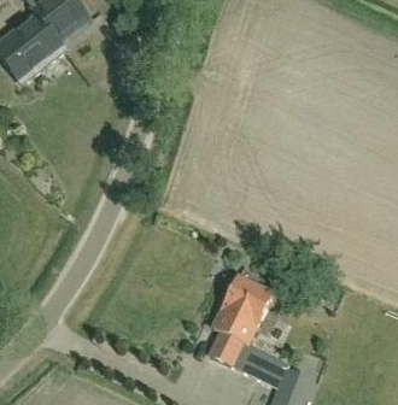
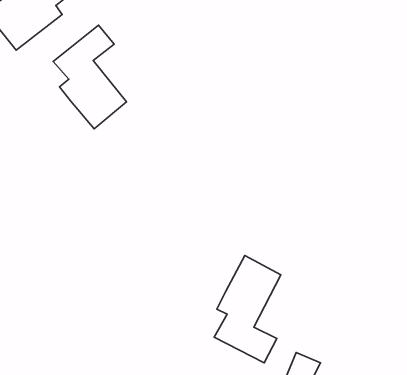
building: none -> [53,25,127,129]

